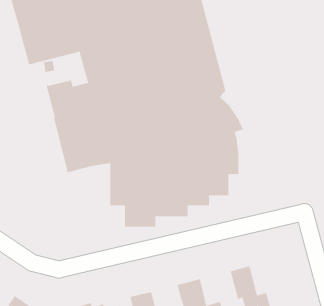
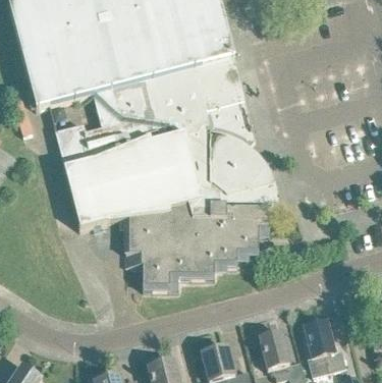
building: none -> [302,319,344,370]

